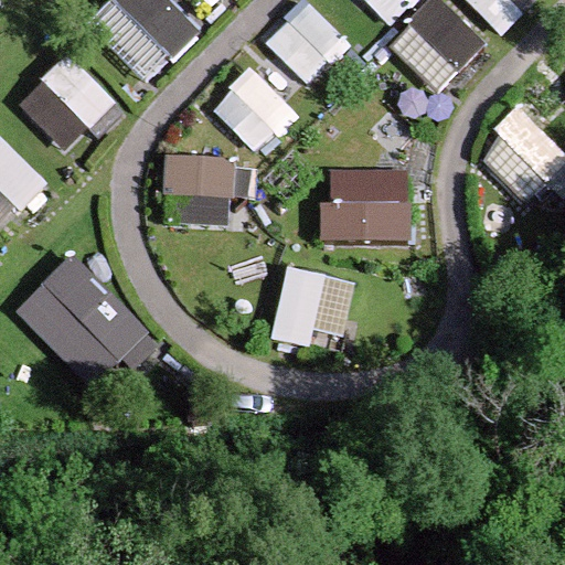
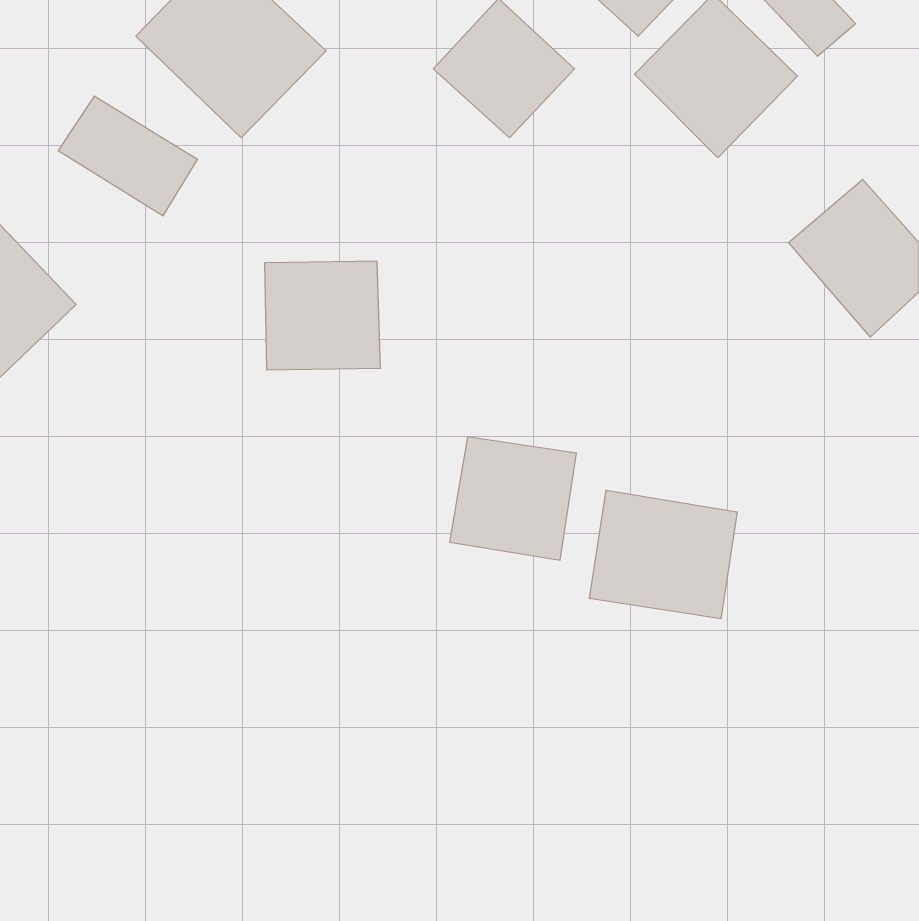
building: [210,65,297,152] -> none
building: [326,164,416,246] -> none
building: [18,254,148,387] -> none
building: none -> [589,490,737,619]

